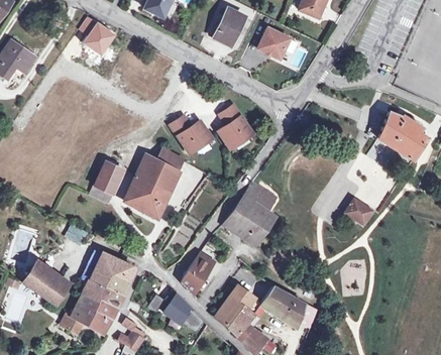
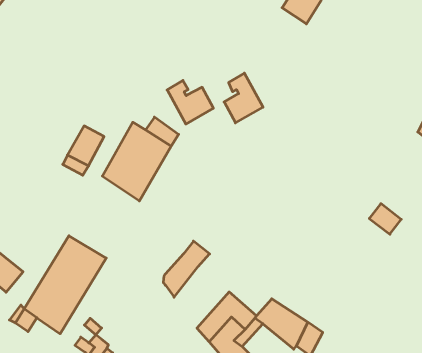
building: [223,182,278,245] -> none
building: [148,294,204,331] -> none

